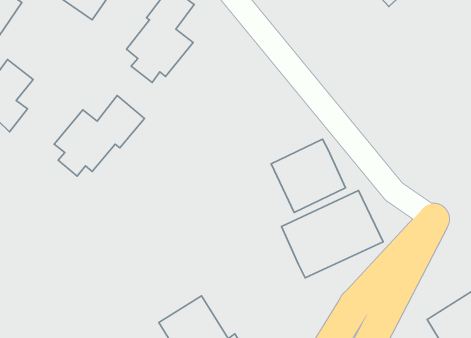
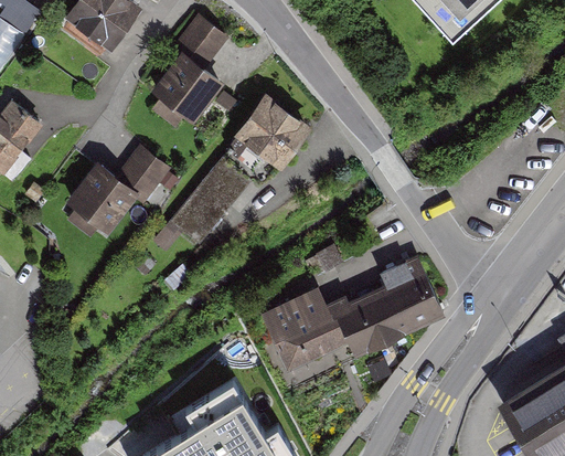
building: none -> [233,93,311,170]
building: none -> [154,160,249,251]
building: [271,139,345,212] -> [262,284,348,369]

